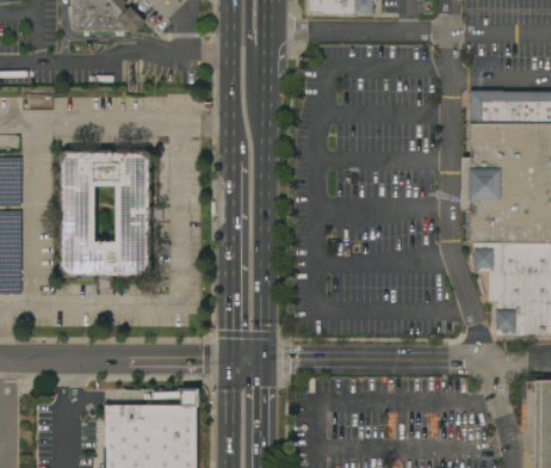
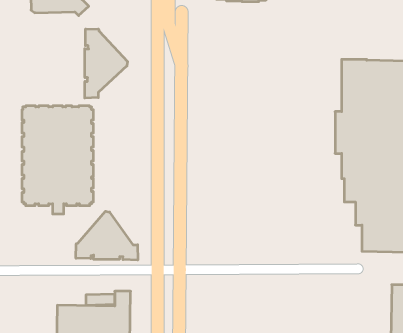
building: none -> [85,29,128,98]
building: none -> [76,211,138,260]

